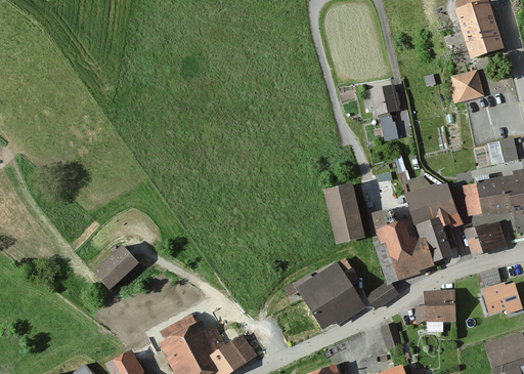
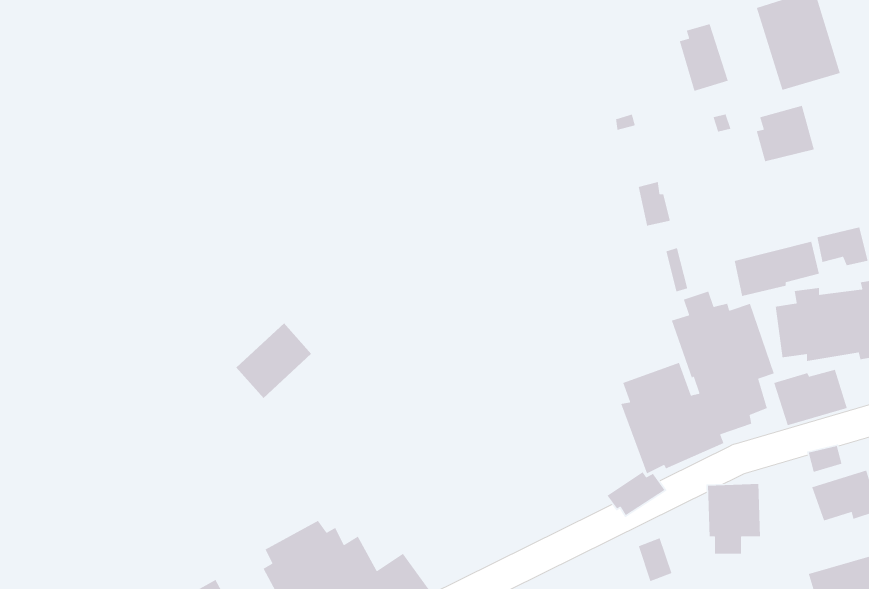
building: none -> [679,23,729,92]
building: [372,81,402,113] -> none
building: none -> [734,241,820,297]
building: [325,183,367,244] -> none
building: [95,242,140,287] -> [236,323,312,399]
building: [283,258,363,330] -> none

